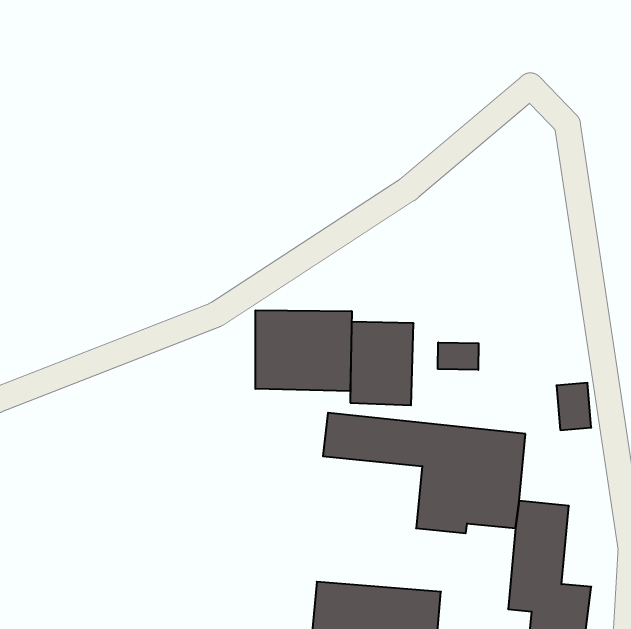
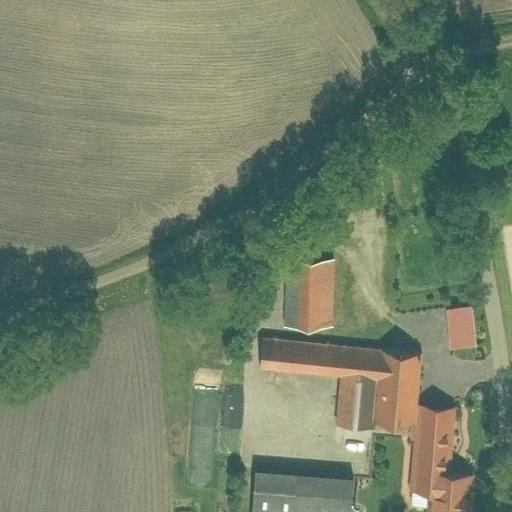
building: [255,310,352,391] -> none
building: [438,342,479,370] -> none

